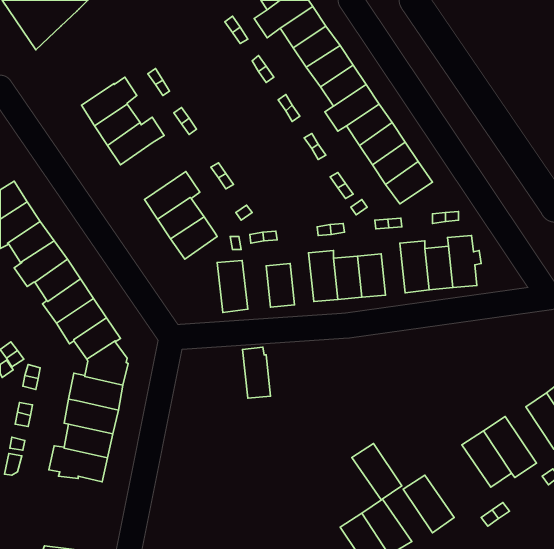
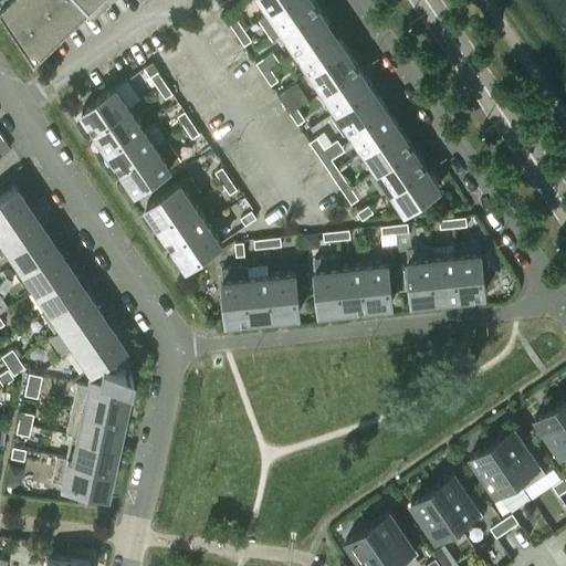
building: none -> [124,144,182,193]
building: [242,347,271,398] -> [248,269,276,321]
building: [352,443,402,500] -> [433,475,484,533]

